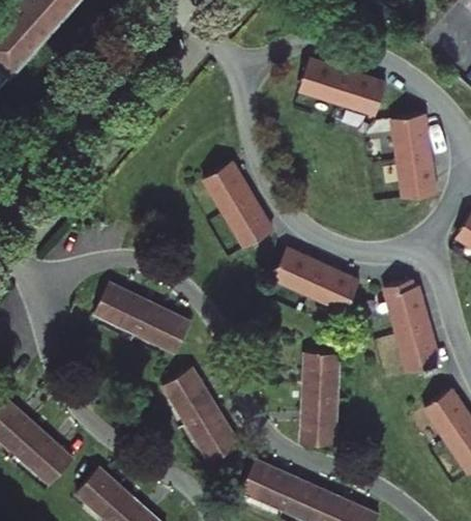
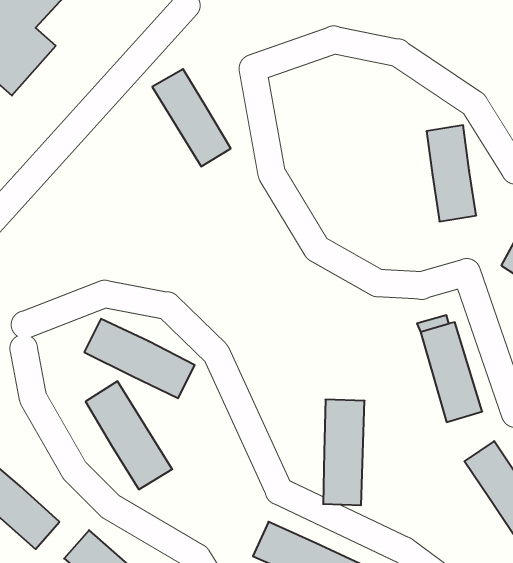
building: [300,59,386,114] -> none
building: [204,162,272,247] -> [152,69,231,166]
building: [273,249,360,311] -> none
building: [164,368,239,462] -> [86,381,172,489]

